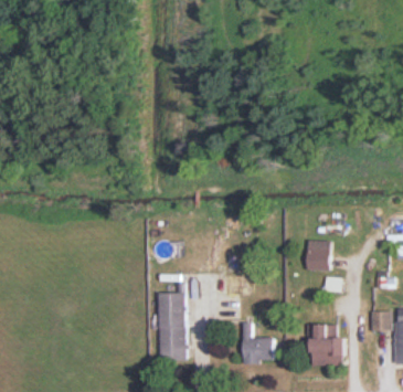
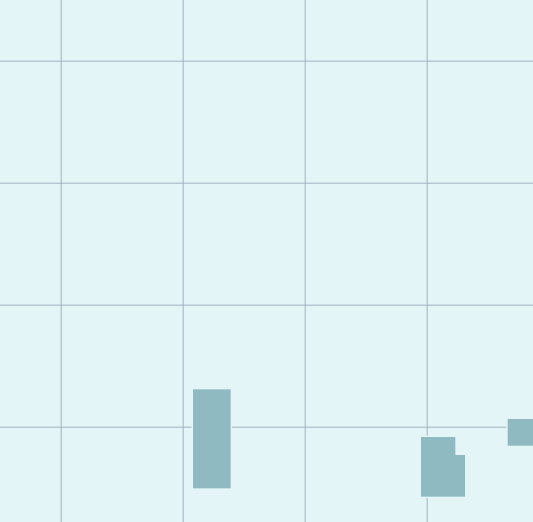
building: [307,240,329,271] -> none
building: [243,325,274,362] -> none

